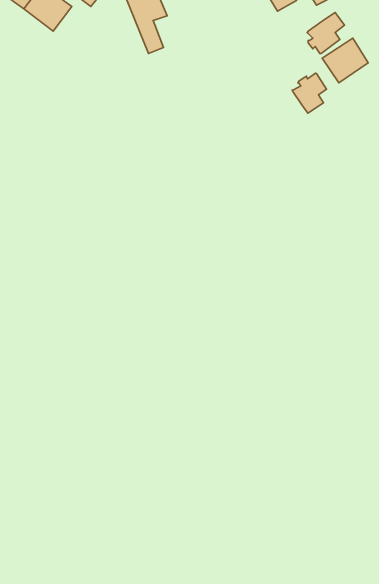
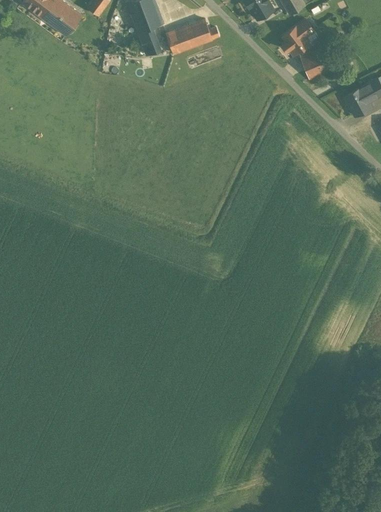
building: none -> [166,19,220,53]
building: [292,73,327,113] -> none

